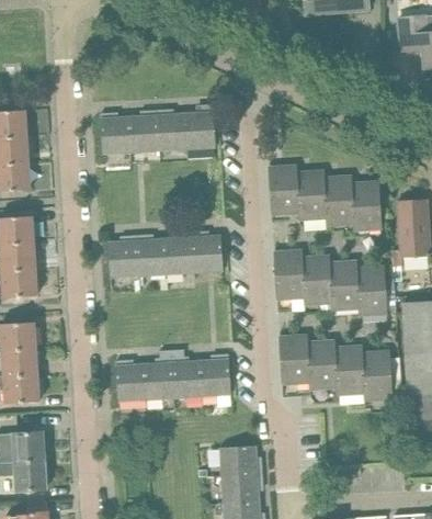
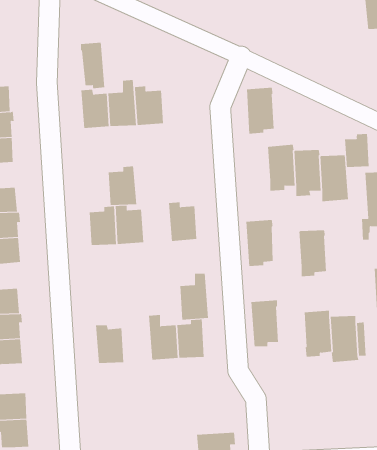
building: none -> [80,42,105,89]
building: [185,105,215,149] -> none
building: none -> [345,133,369,168]
building: [269,166,298,215] -> [246,87,275,134]
building: [164,233,195,274] -> [108,166,137,206]
building: [302,256,331,305] -> none
building: [356,267,387,316] -> none
building: [306,340,337,390] -> none
building: [144,351,174,400] -> [180,273,209,320]
building: [220,445,262,476] -> none

